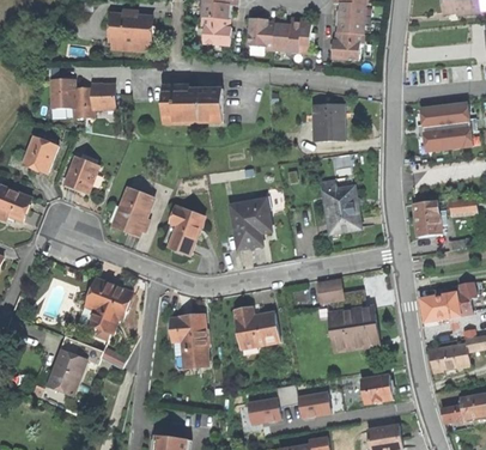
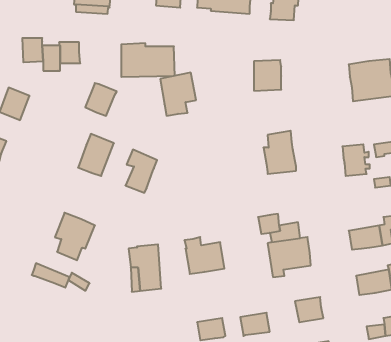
building: [63,157,99,194] -> [85,83,117,116]
building: [230,200,271,249] -> [160,73,196,116]
building: [49,351,86,396] -> none

